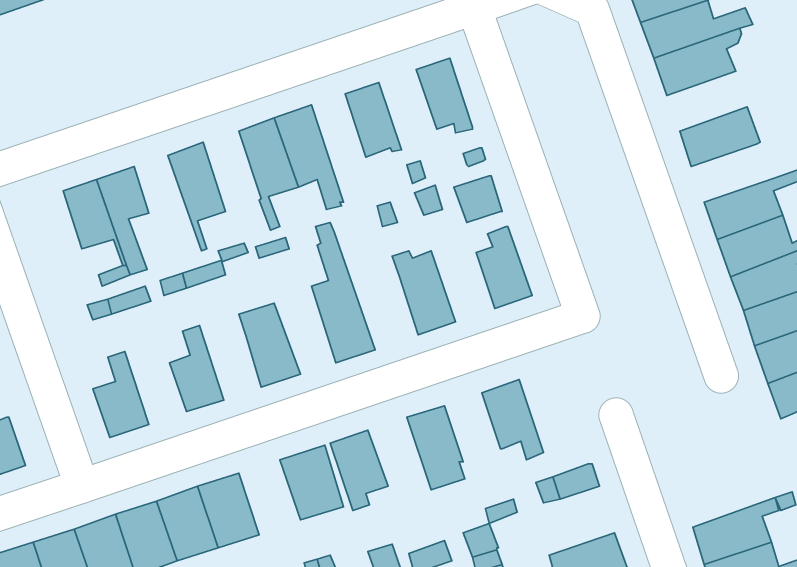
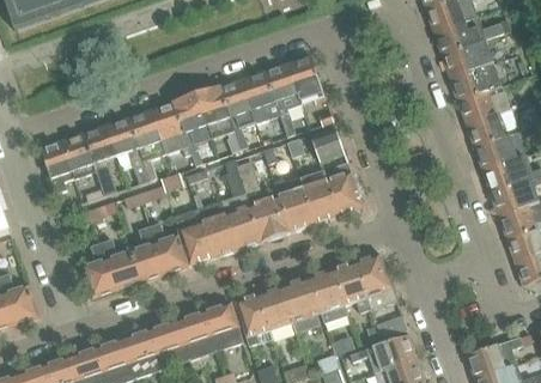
building: none -> [265,61,302,117]
building: none -> [449,62,500,101]
building: none -> [221,77,256,146]
building: none -> [152,101,189,152]
building: none -> [464,109,518,146]
building: none -> [108,116,151,182]
building: none -> [39,139,74,192]
building: none -> [236,160,290,241]
building: none -> [298,169,339,223]
building: none -> [196,200,237,256]
building: none -> [150,221,189,273]
building: none -> [102,238,141,288]
building: none -> [354,251,394,306]
building: none -> [306,268,346,321]
building: none -> [257,284,298,332]
building: none -> [175,311,214,359]
building: none -> [347,333,415,372]

